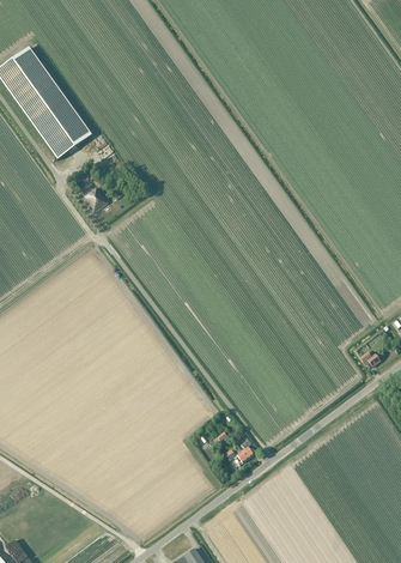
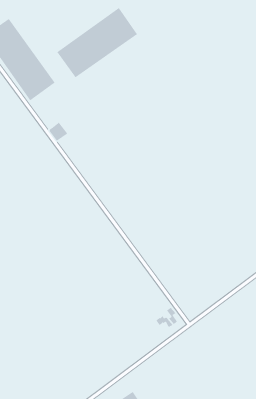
building: none -> [56,7,138,78]

